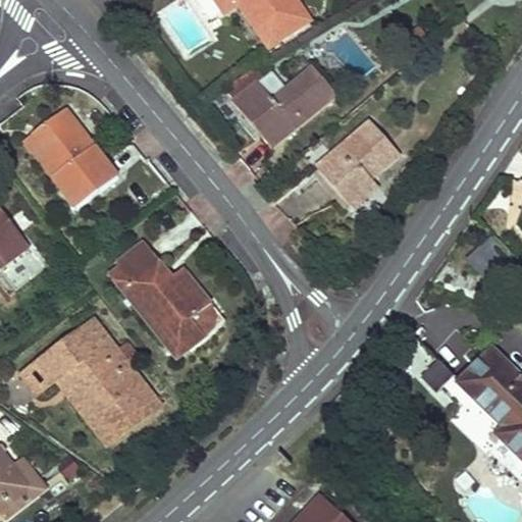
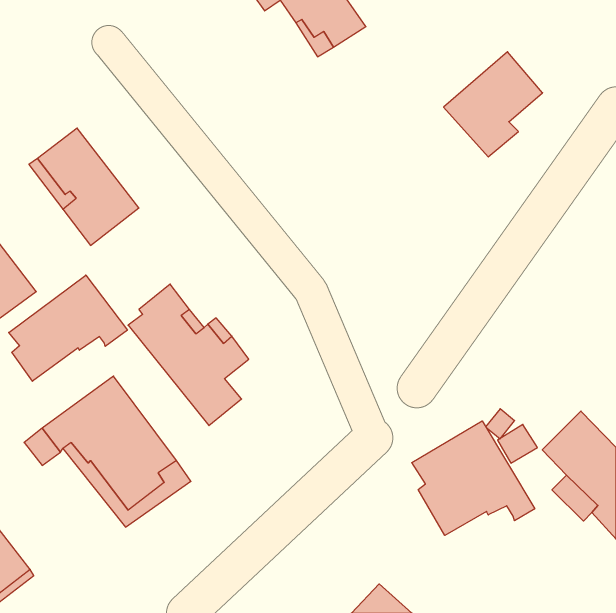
building: [224,61,338,147] -> none
building: [315,118,399,207] -> [444,52,543,157]
building: none -> [9,275,127,381]
building: [465,236,506,275] -> none
building: none -> [412,421,535,535]

